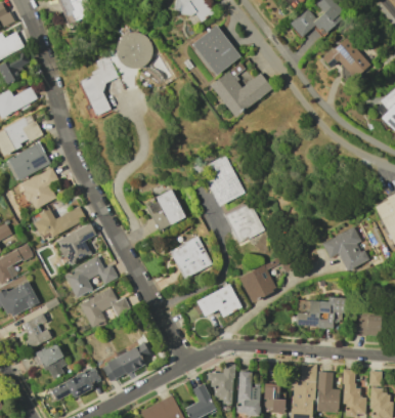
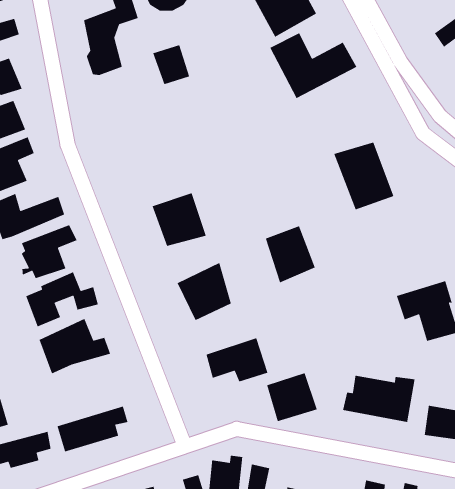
building: none -> [152,44,190,85]
building: [201,156,247,205] -> [333,141,394,211]
building: [239,264,277,301] -> [266,372,318,422]

